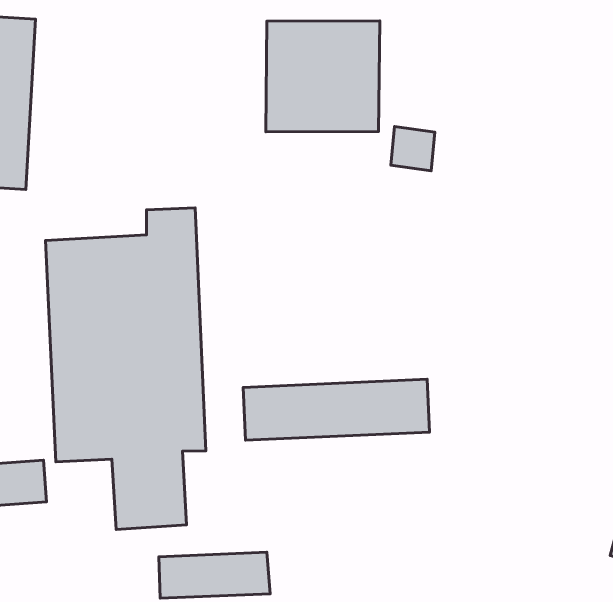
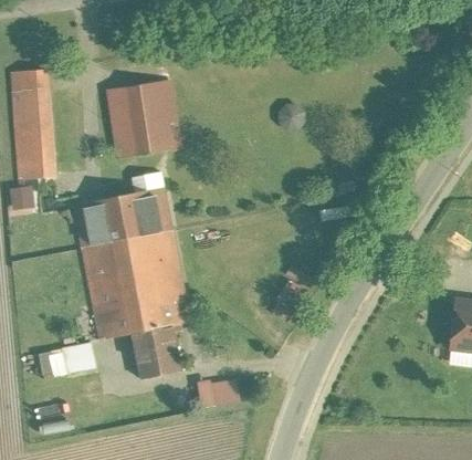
building: [266,21,380,132] -> [107,77,186,156]
building: [243,379,430,440] -> none

